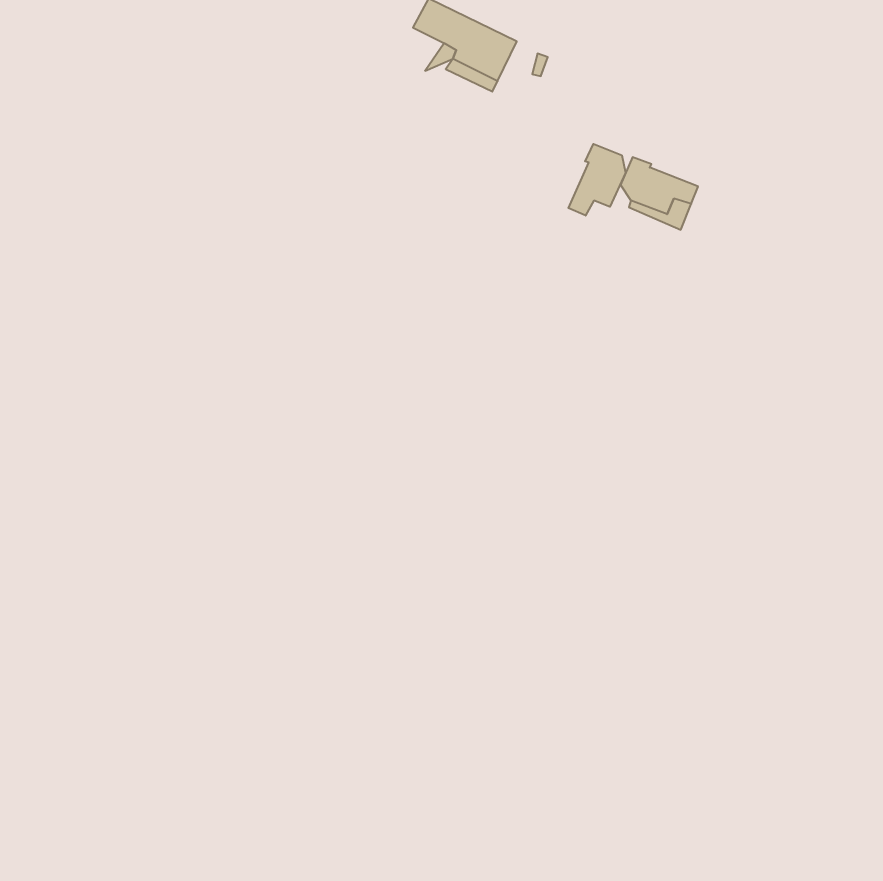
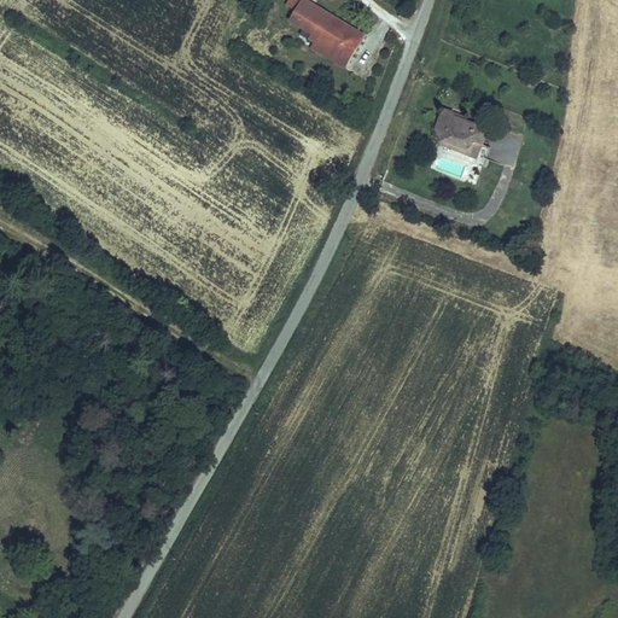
building: [568,144,626,216] -> none

